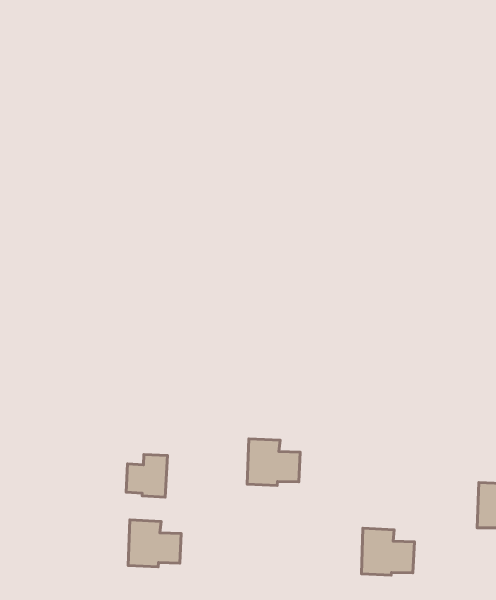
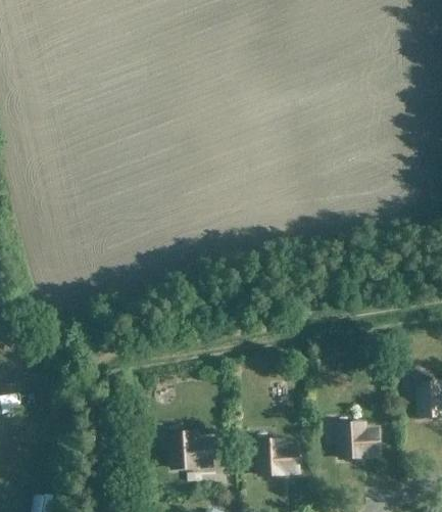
building: [247,439,300,486] -> [258,439,297,473]
building: [126,455,168,497] -> none

